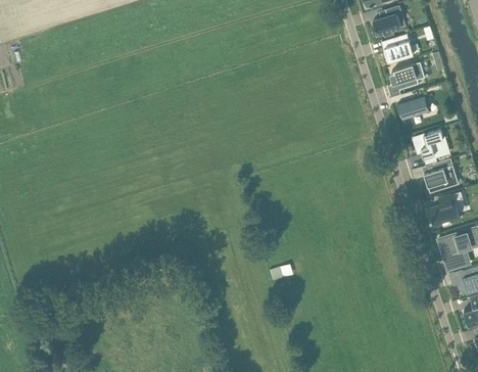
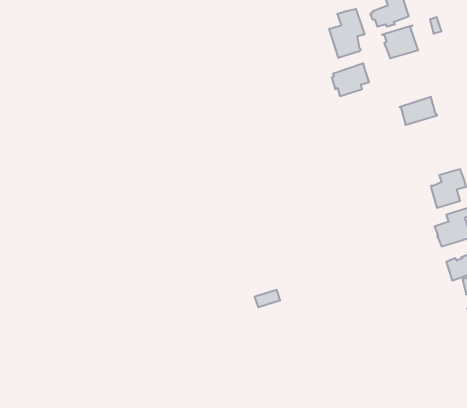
building: none -> [329,9,364,58]
building: [391,61,424,90] -> [332,63,369,96]
building: [413,129,446,165] -> none

